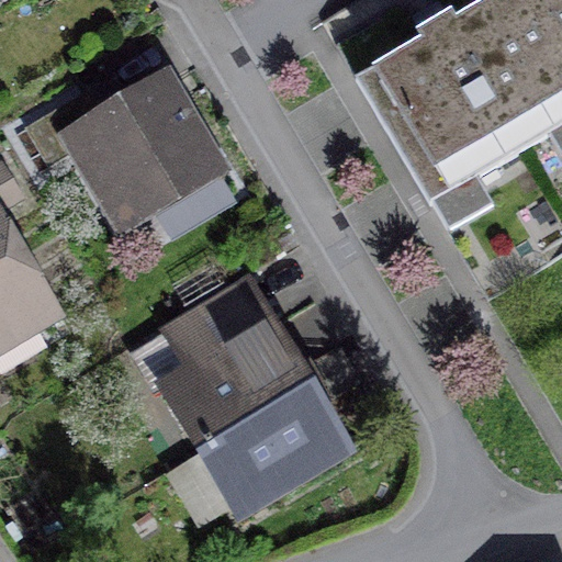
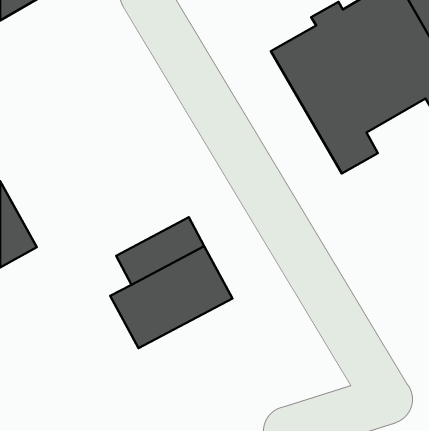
building: [69,79,238,241] -> none
building: [188,383,346,517] -> none

